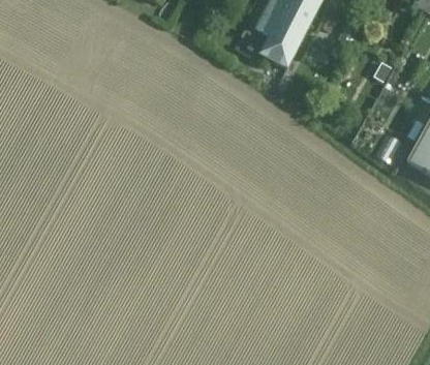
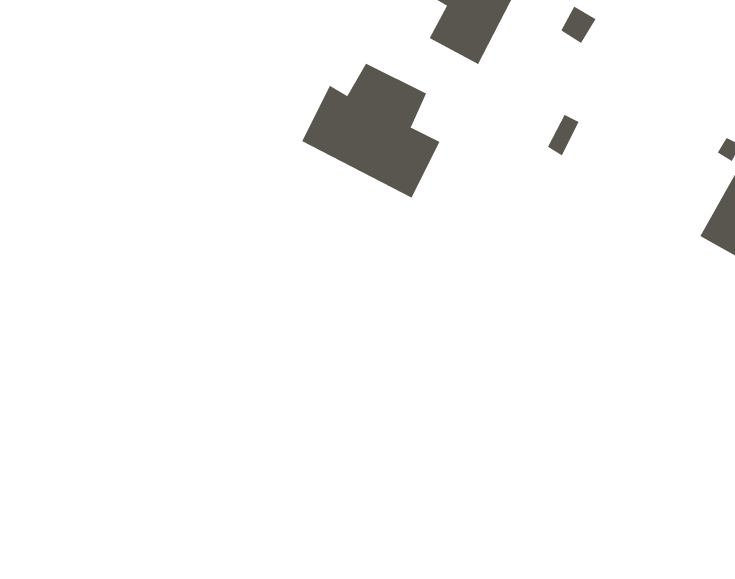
building: none -> [301,63,440,198]

